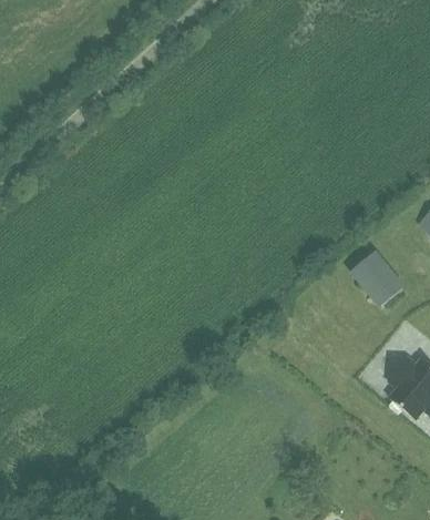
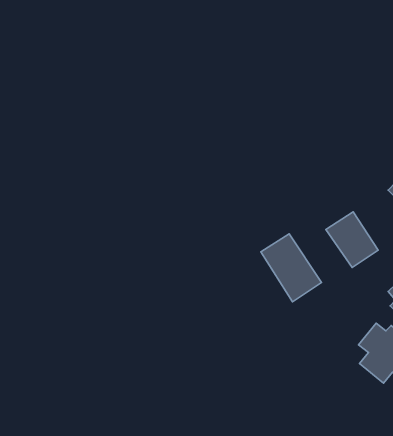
building: none -> [261,234,321,302]

